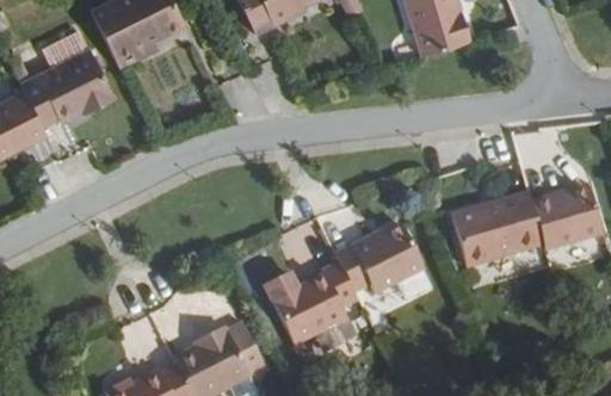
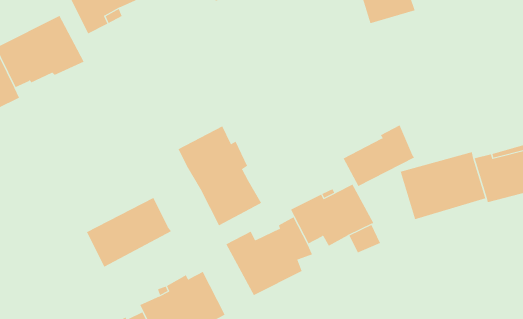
building: none -> [343,125,415,187]
building: none -> [178,126,262,226]
building: none -> [86,197,172,267]

